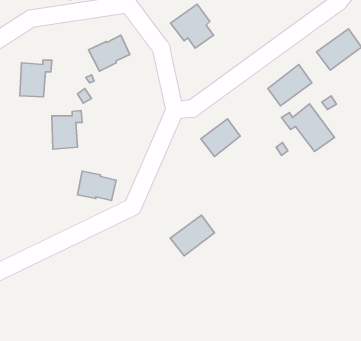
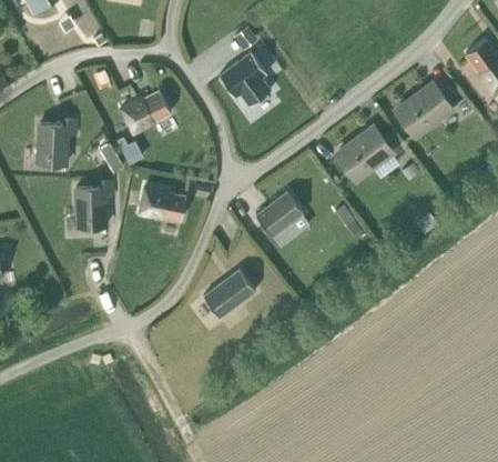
building: [281,104,334,152] -> none
building: [77,171,116,200] -> [139,185,185,221]
building: [170,215,214,256] -> [202,269,255,318]

